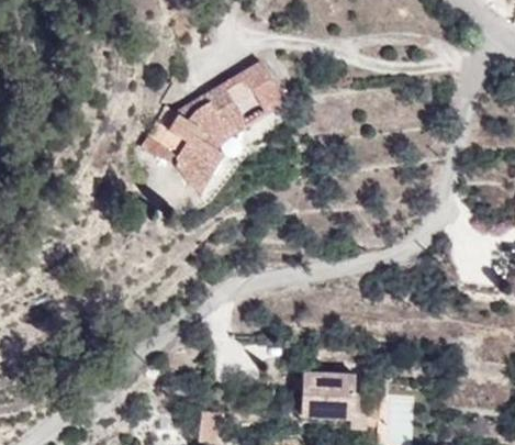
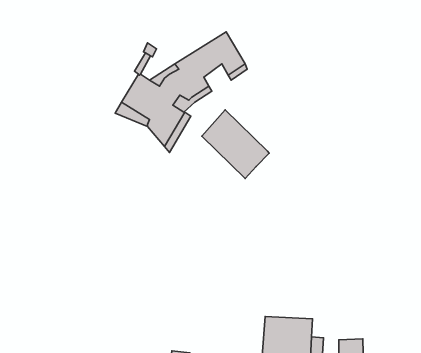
building: none -> [202,110,269,178]

